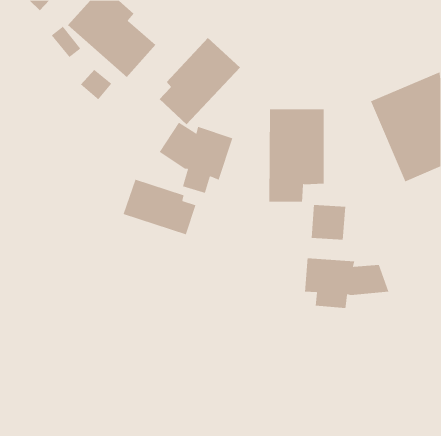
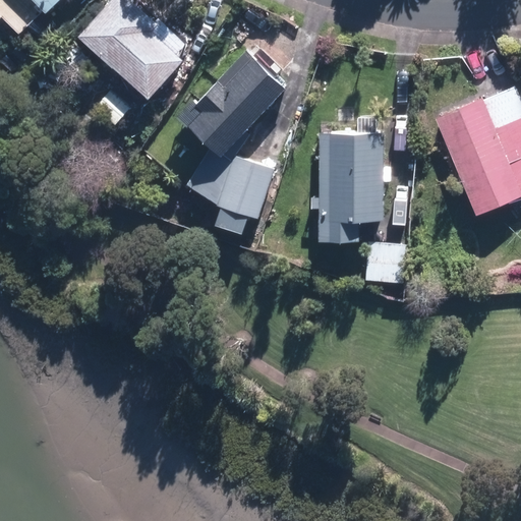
building: [123,179,196,235] -> none
building: [305,257,389,309] -> none

